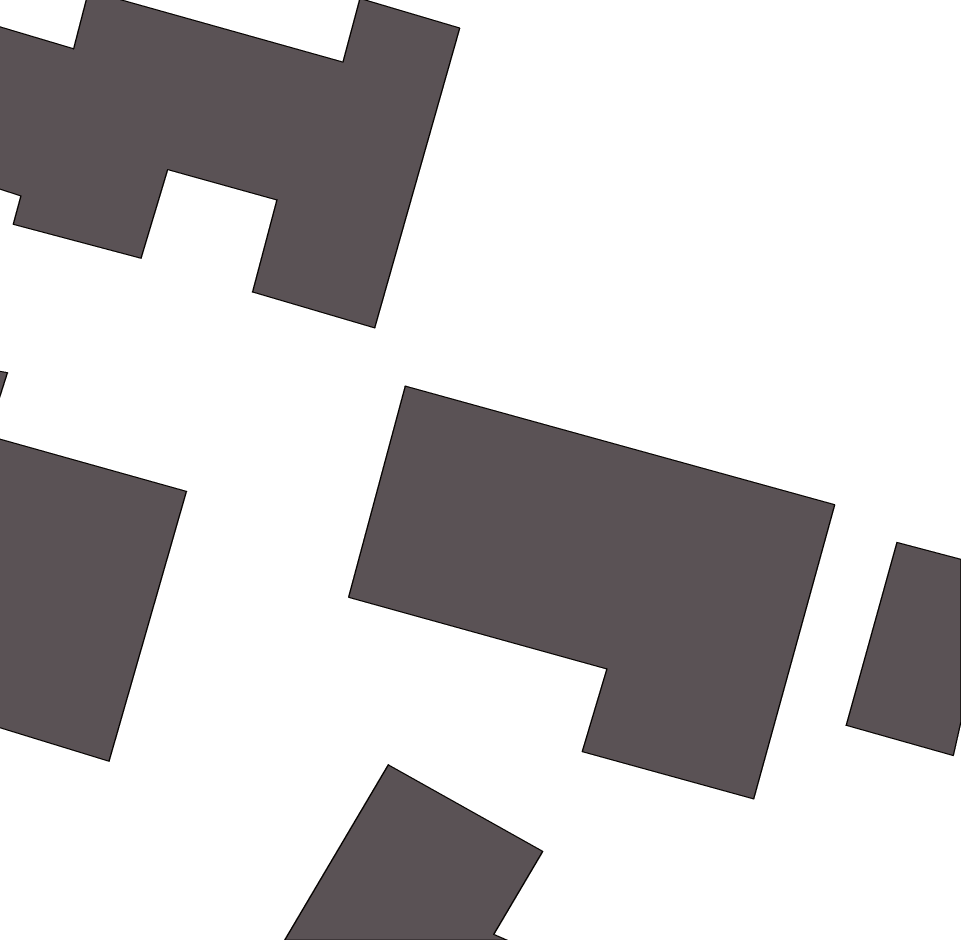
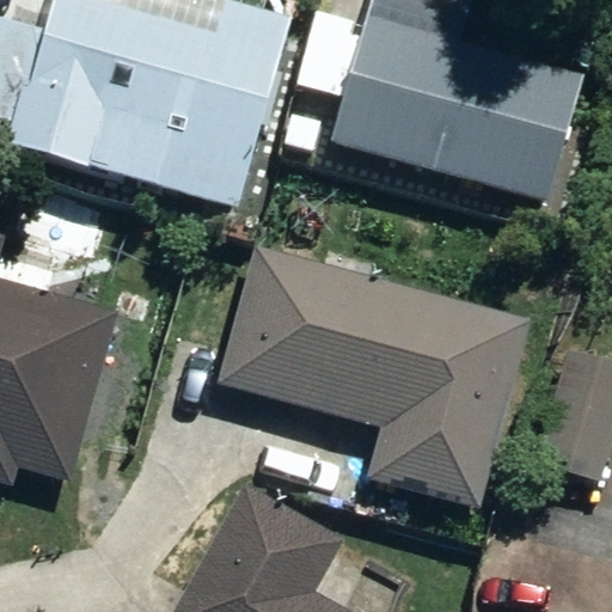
building: none -> [332,17,583,202]

